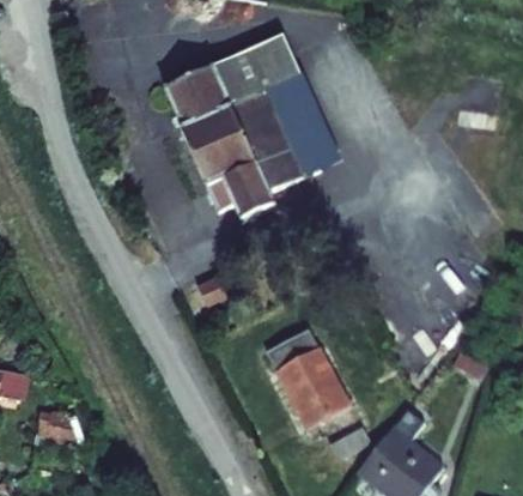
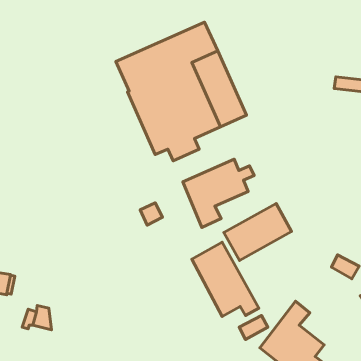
building: none -> [183,159,254,227]
building: none -> [224,203,292,260]

